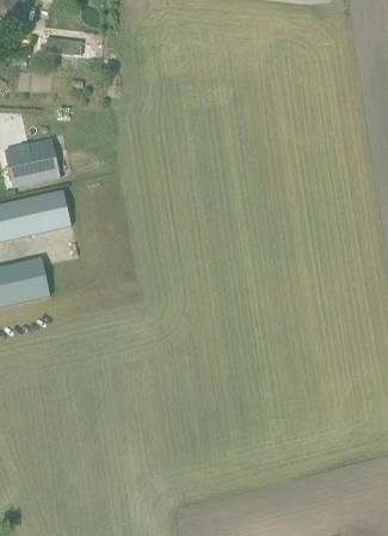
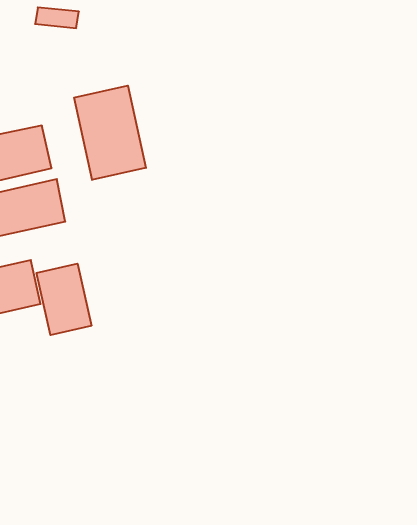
building: none -> [74,86,146,180]
building: none -> [36,264,91,335]

